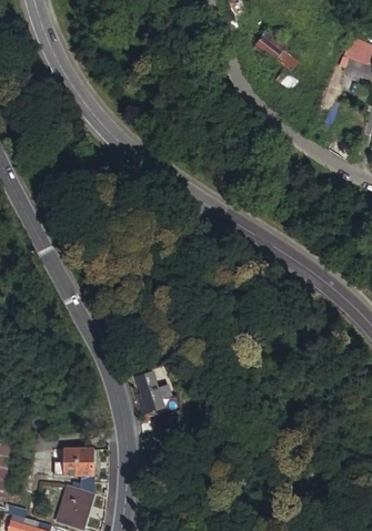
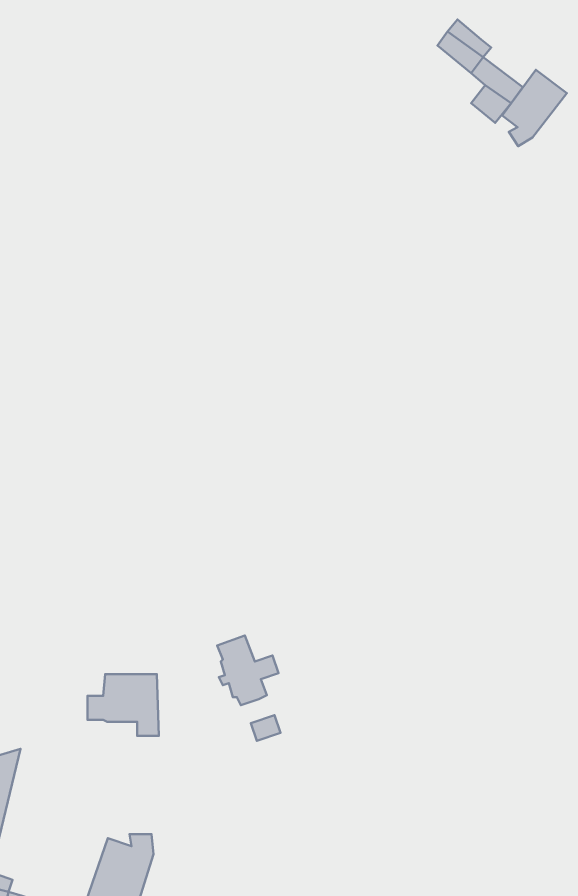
building: none -> [502,70,567,146]
building: [56,448,95,482] -> [87,674,159,736]

